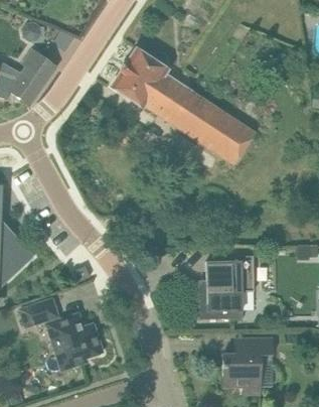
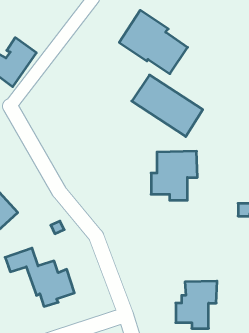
building: [110,47,191,123] -> [119,10,188,74]
building: [198,260,254,318] -> [151,151,197,200]

